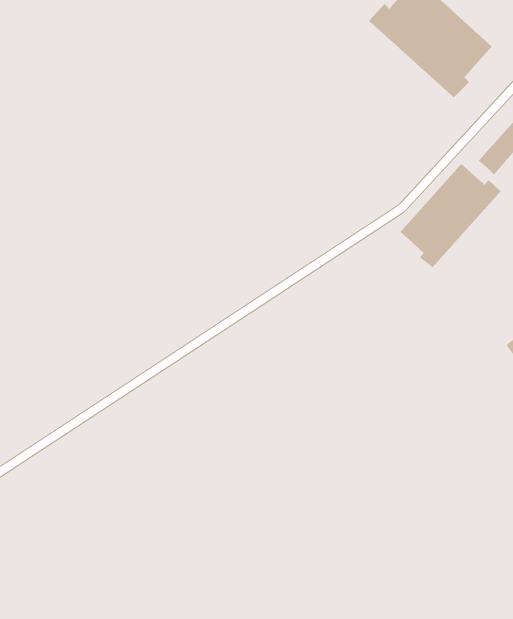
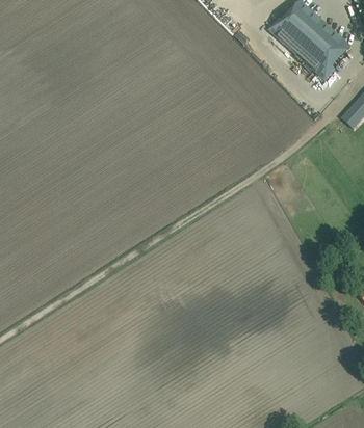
building: [400,163,502,268] -> none

